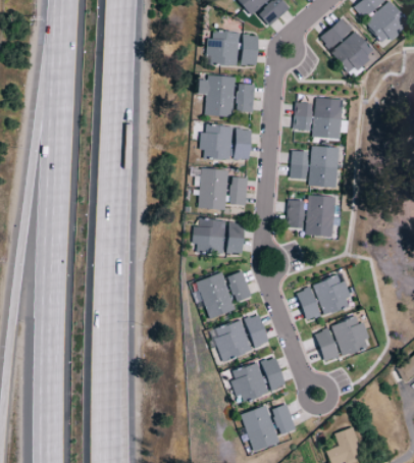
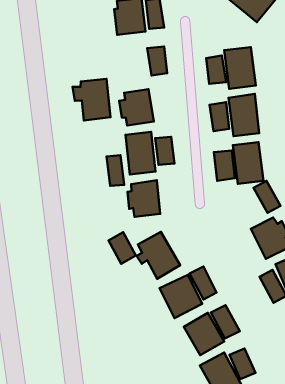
building: [199,75,235,116] -> [73,79,110,120]
building: [235,130,250,159] -> none
building: [227,222,243,254] -> [107,155,124,186]
building: [226,270,252,302] -> [108,232,136,264]
building: [296,288,320,320] -> [254,181,280,213]

